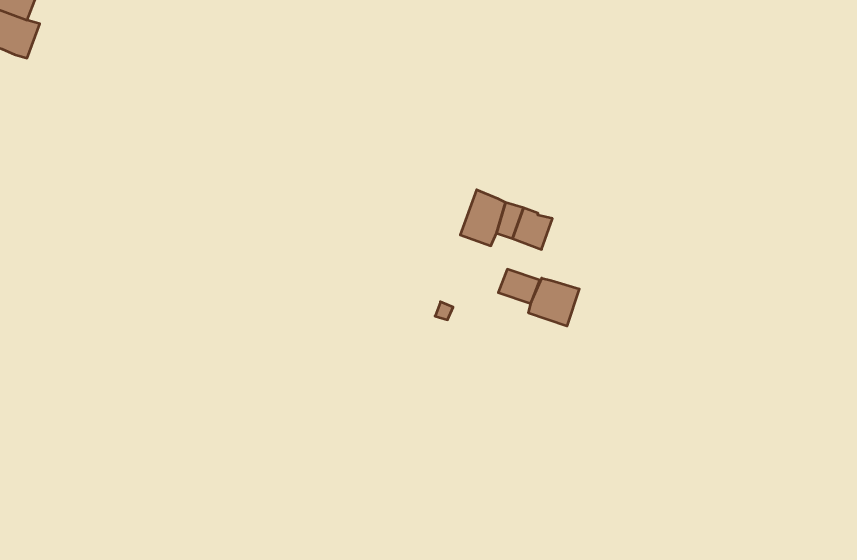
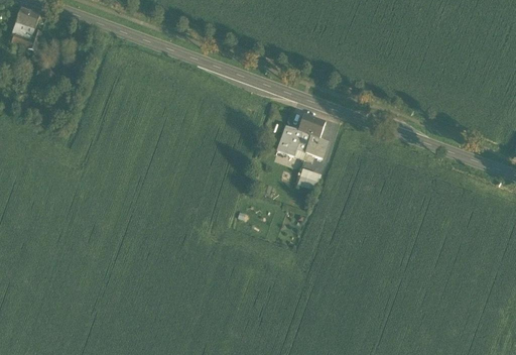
building: none -> [297,113,325,136]
building: [529,278,579,326] -> none

